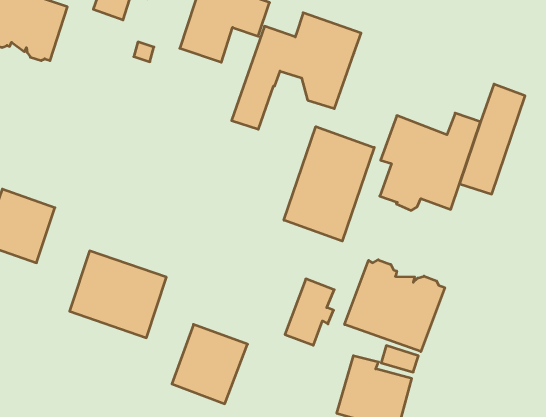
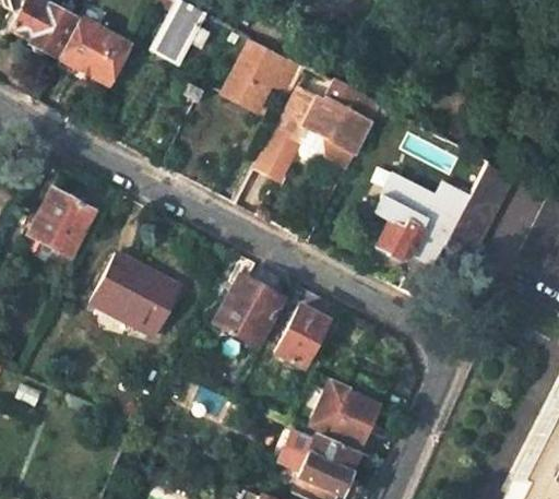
building: [284,127,374,241] -> none
building: [345,260,445,352] -> none
building: [172,324,248,404] -> [215,273,285,345]

